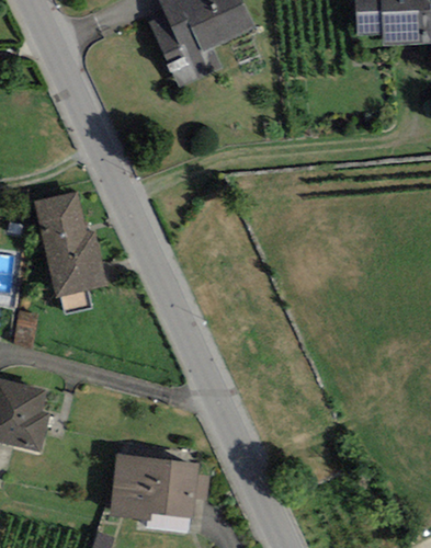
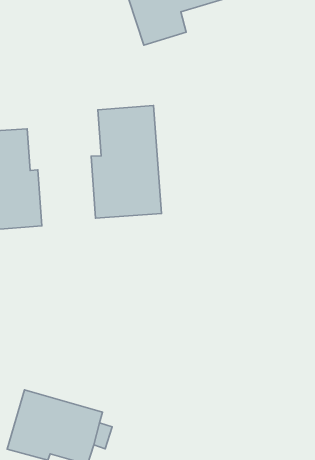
building: none -> [91,105,161,218]

